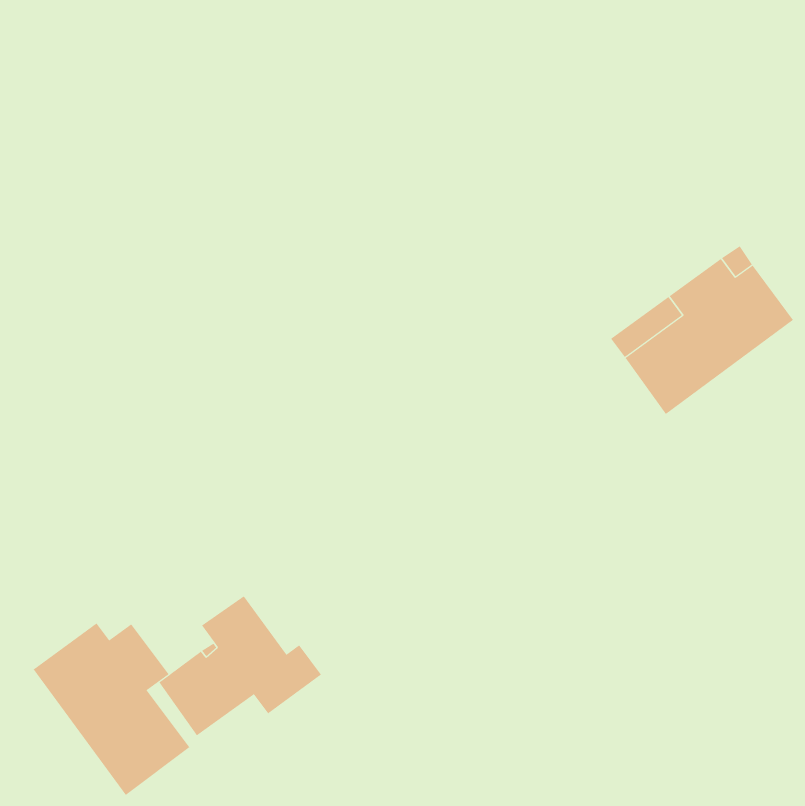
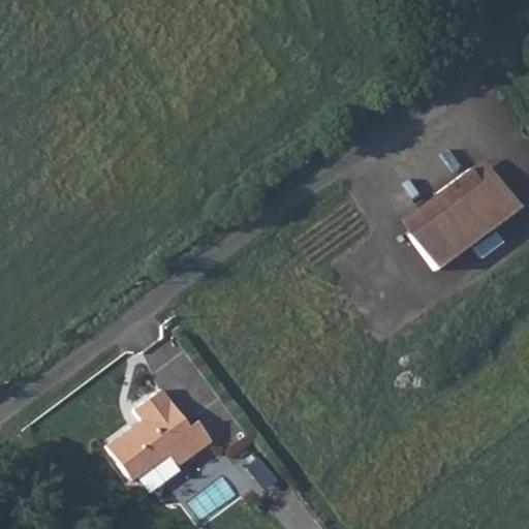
building: [33,623,190,796] -> none

